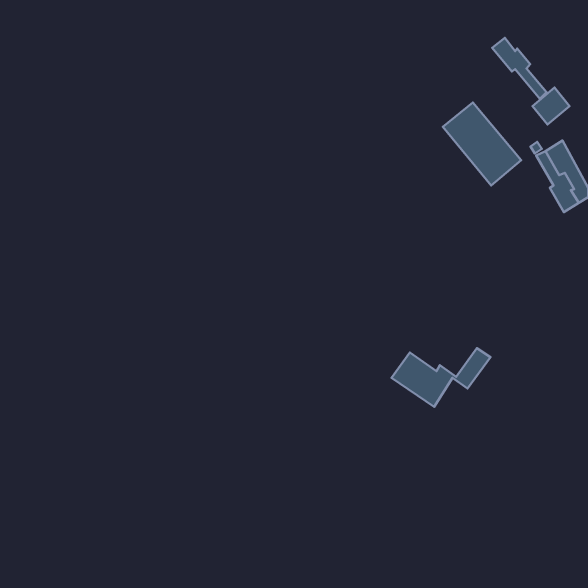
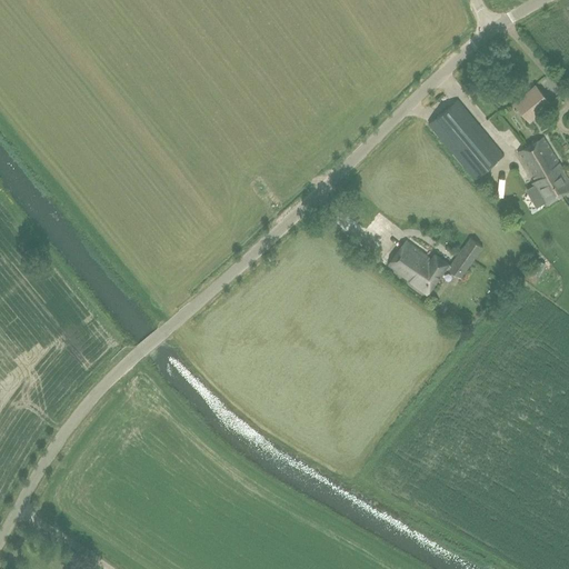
building: [492,38,547,99] -> none
building: [391,348,491,407] -> [387,237,482,293]

